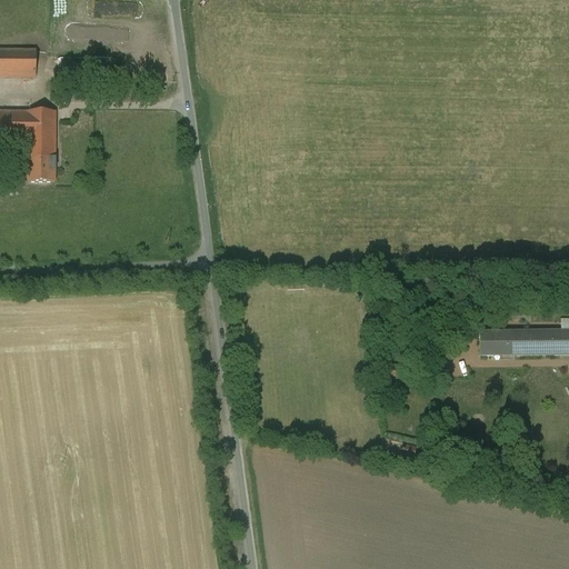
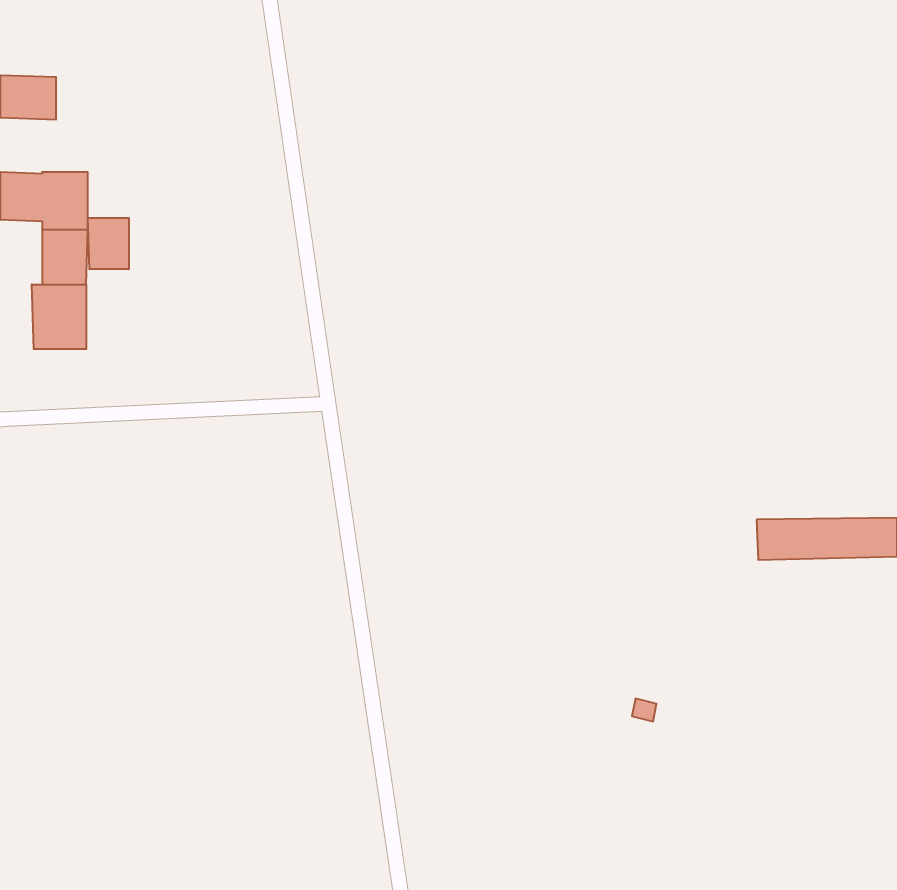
building: none -> [88,218,129,269]
building: none -> [32,284,86,349]

